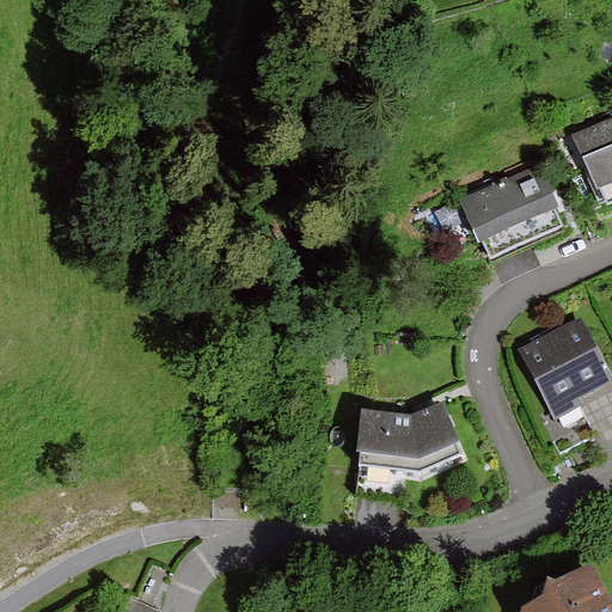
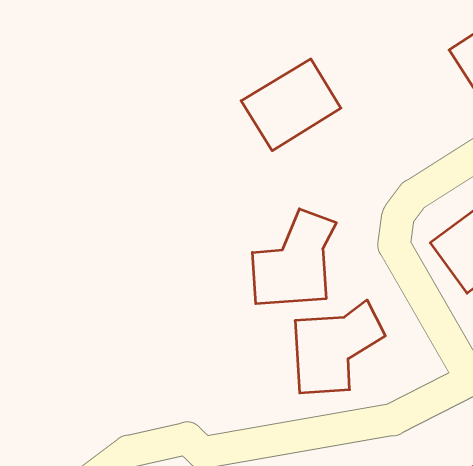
building: [459,165,569,261] -> [241,59,341,151]
building: none -> [252,209,336,304]

